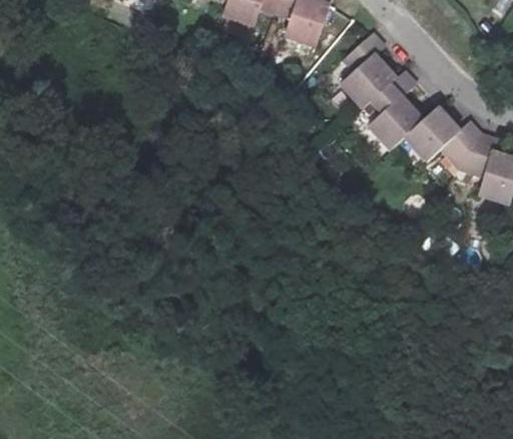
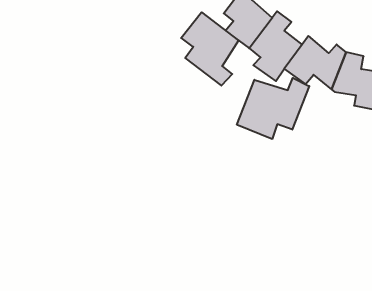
building: none -> [181,12,239,86]
building: none -> [237,78,309,139]

